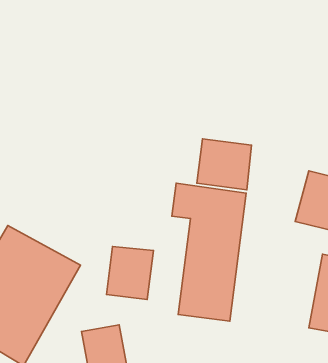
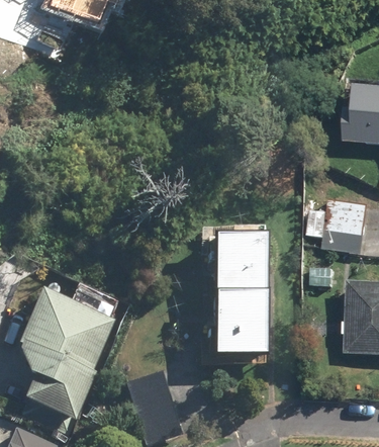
building: [197,139,251,190] -> none
building: [106,247,153,300] -> none

